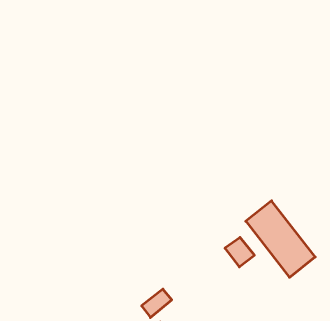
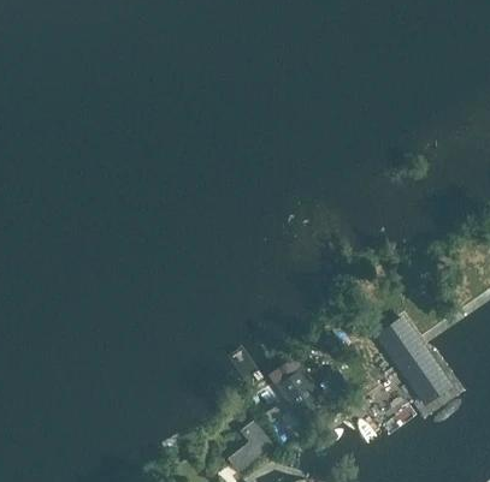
building: [225,237,254,267] -> [271,357,311,397]

